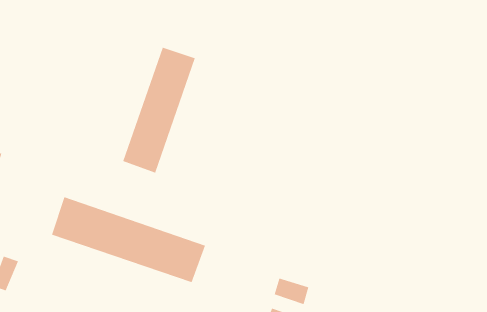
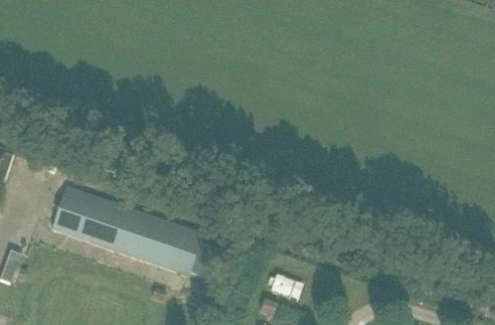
building: [122,47,195,174] -> none

